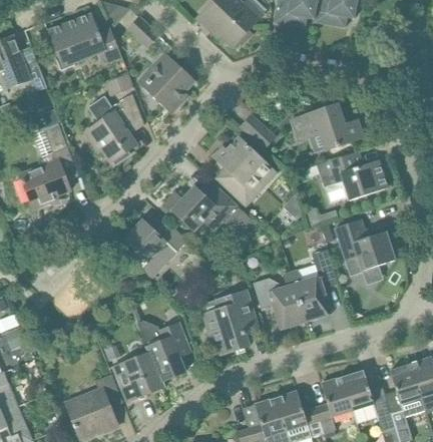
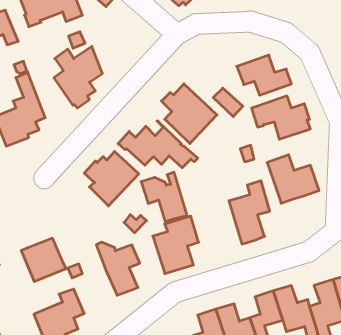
building: [137,52,194,113] -> none
building: [241,115,275,148] -> [213,88,243,117]
building: [253,272,306,329] -> [141,172,187,222]
building: [112,352,164,402] -> [21,238,66,282]

